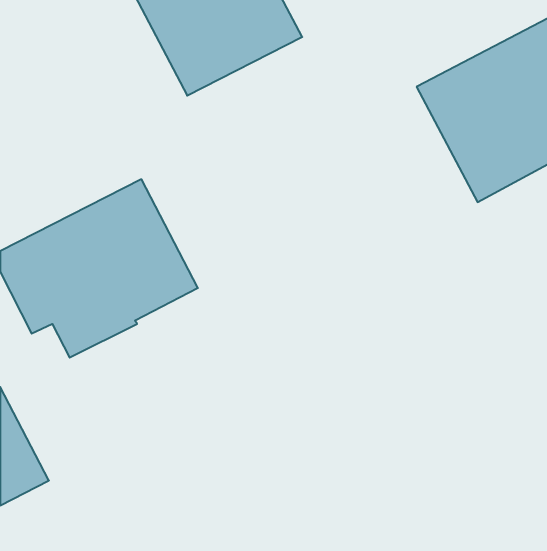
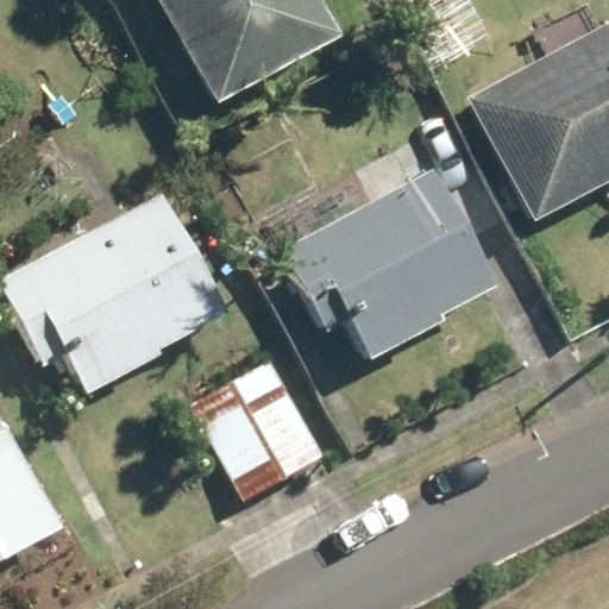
building: none -> [278,165,497,360]
building: none -> [192,357,328,501]

